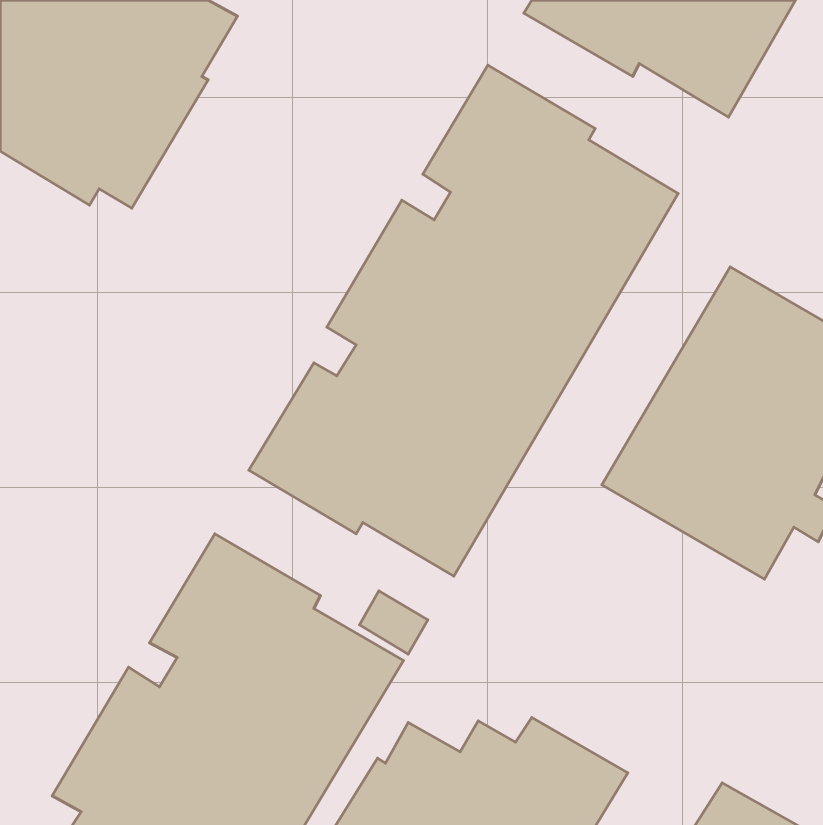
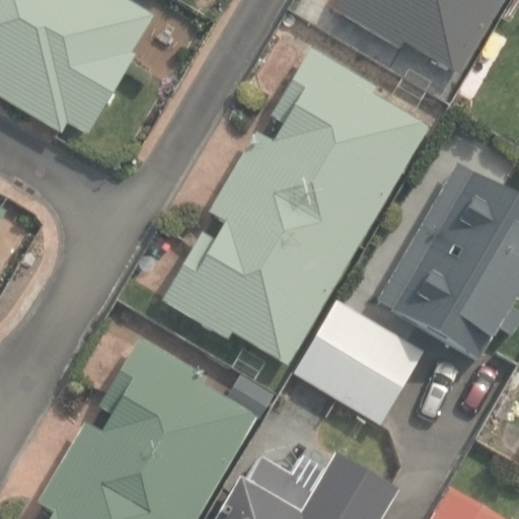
building: none -> [292,296,425,422]

